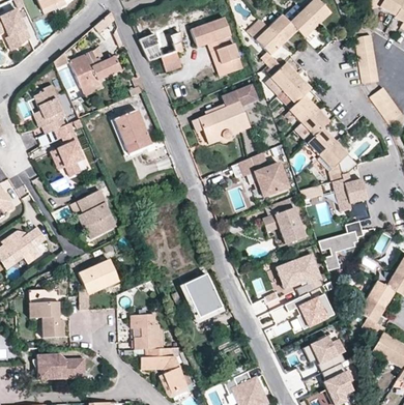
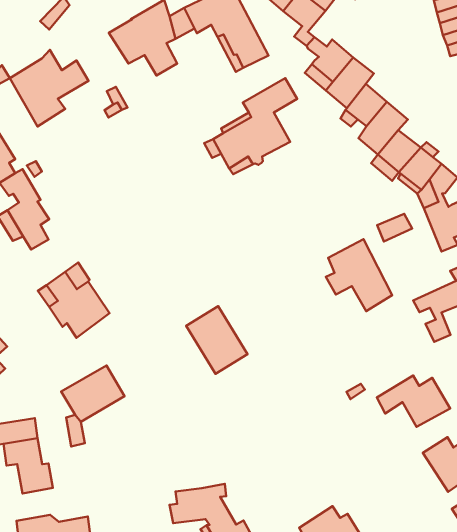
building: [113,109,151,153] -> none
building: [239,151,288,197] -> none
building: [275,254,323,295] -> none
building: [183,273,222,318] -> [186,306,248,374]
building: [131,314,163,348] -> none

